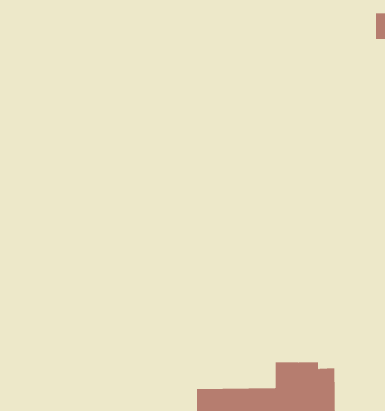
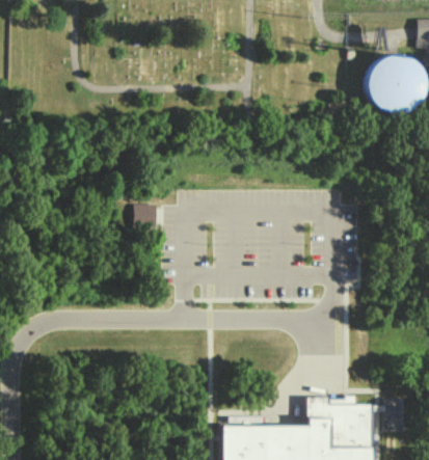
building: none -> [367,57,420,110]
building: none -> [134,202,158,227]

